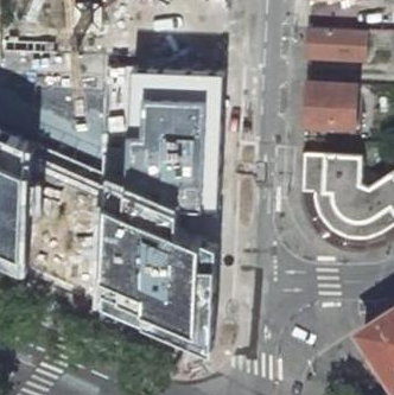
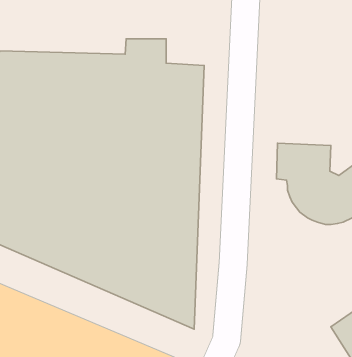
building: [304,32,364,64] -> none
building: [301,88,354,132] -> none

